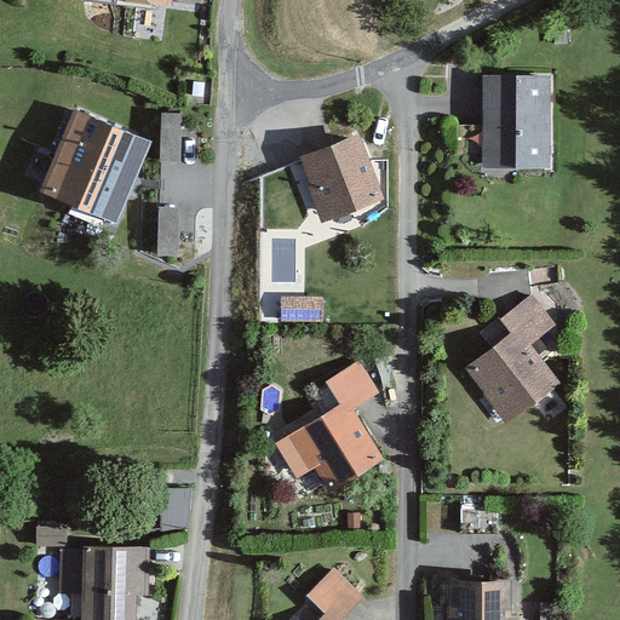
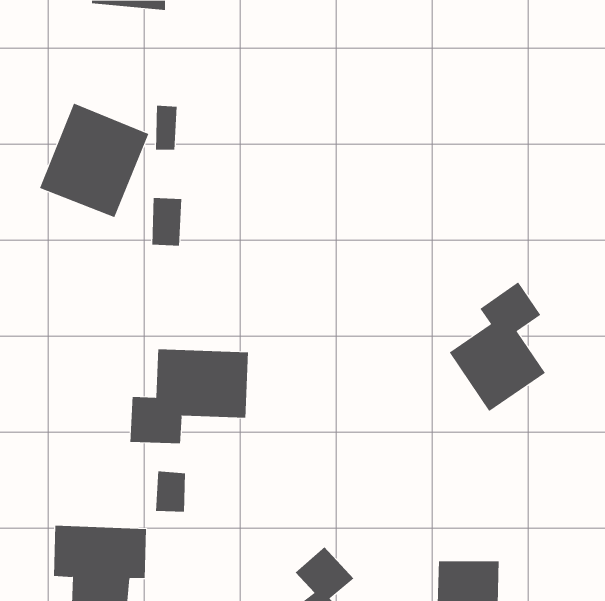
building: [477,79,549,174] -> none
building: [293,138,384,228] -> none
building: [287,358,385,496] -> none
building: none -> [130,349,248,444]

